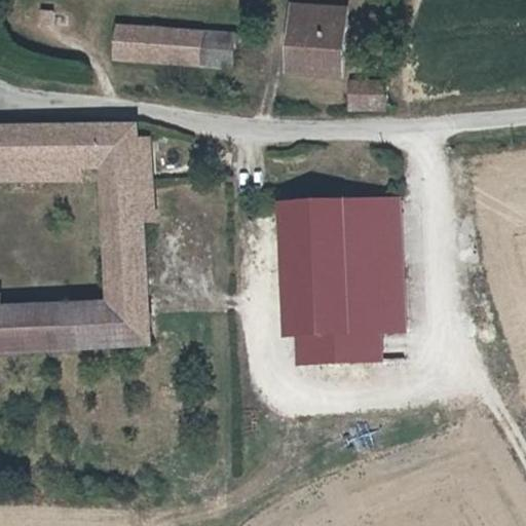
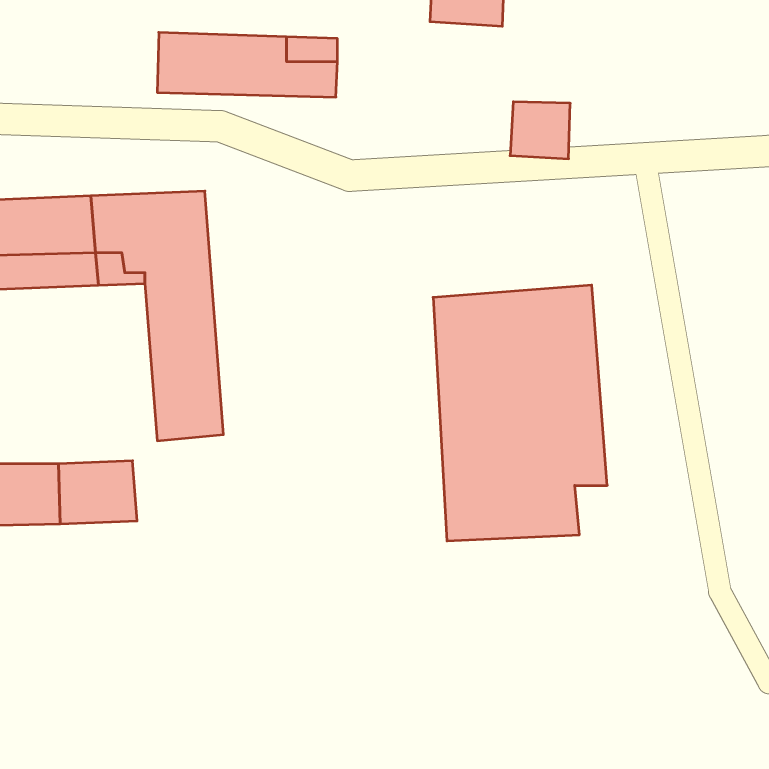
building: [285,14,335,67] -> none
building: [88,290,152,347] -> none

